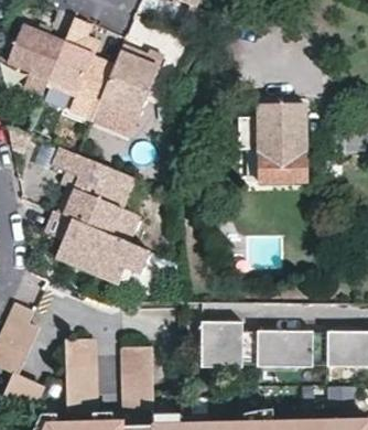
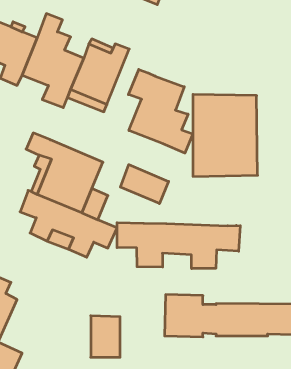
building: none -> [128,69,193,153]
building: none -> [120,165,169,204]
building: none -> [117,223,240,269]
building: [65,337,99,394] -> none

